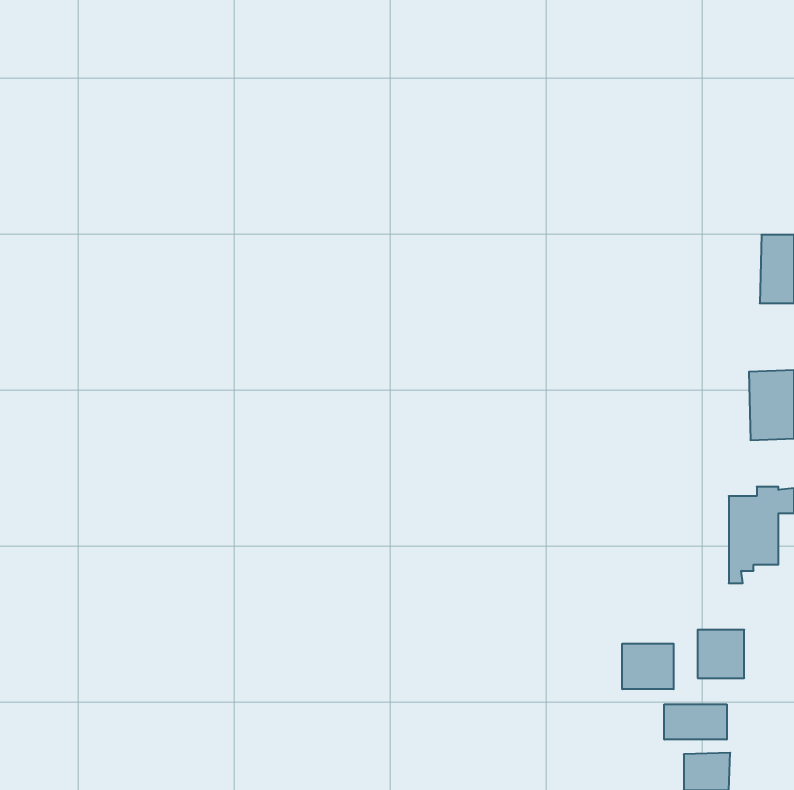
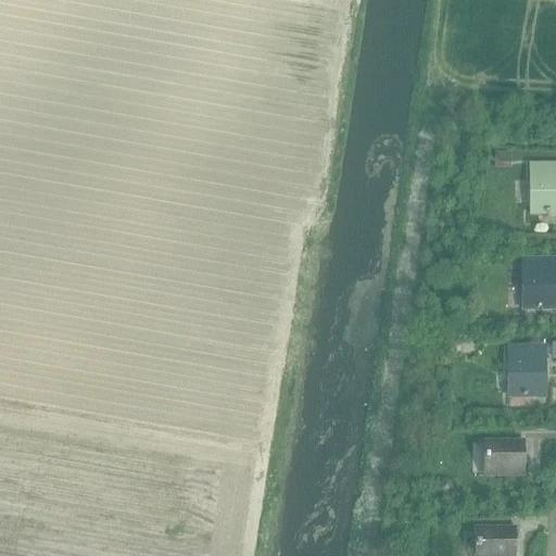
building: [622,644,674,689] -> none
building: [664,704,727,740] -> none

